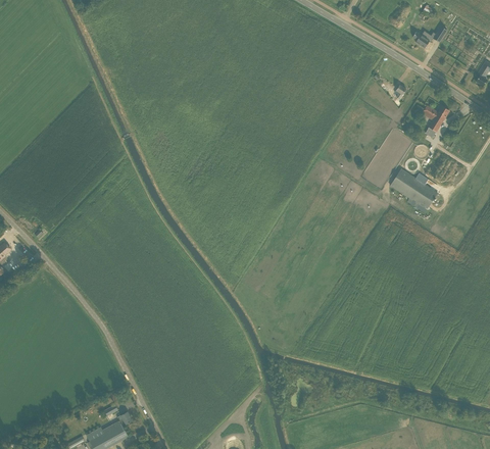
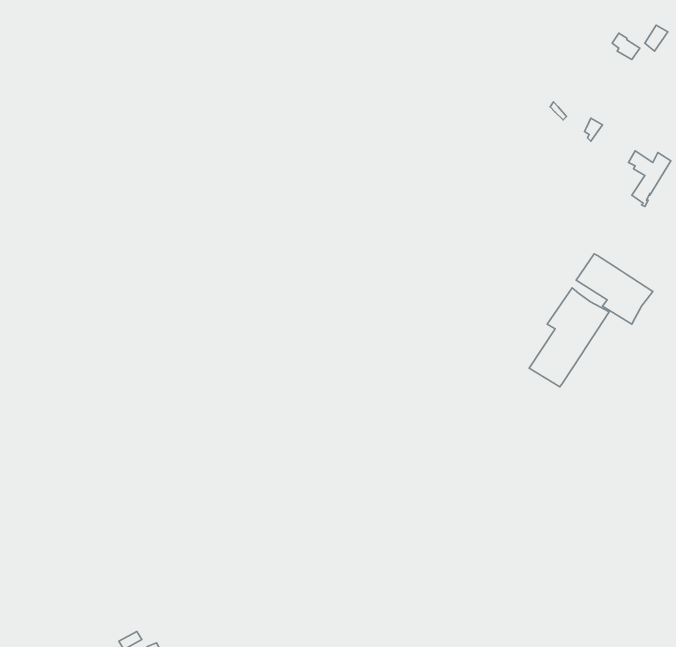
building: none -> [529,288,609,387]

